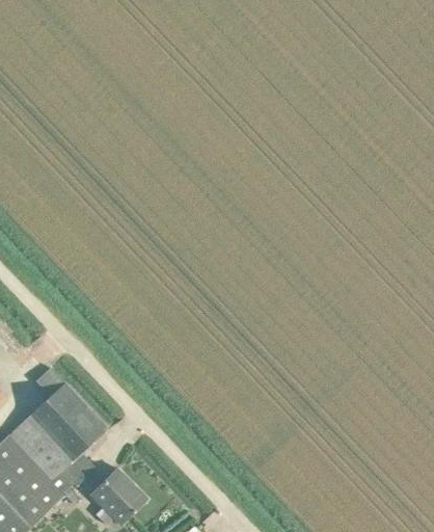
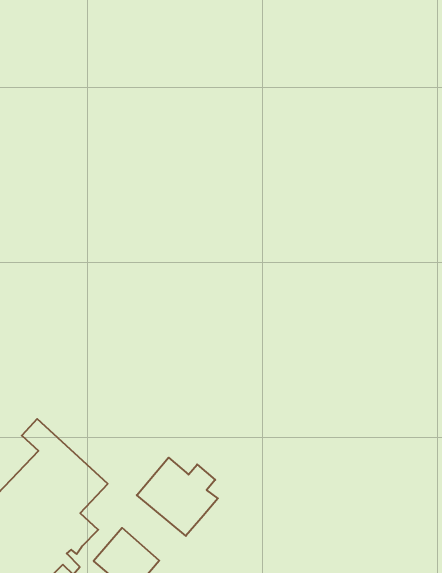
building: none -> [137,458,218,536]

